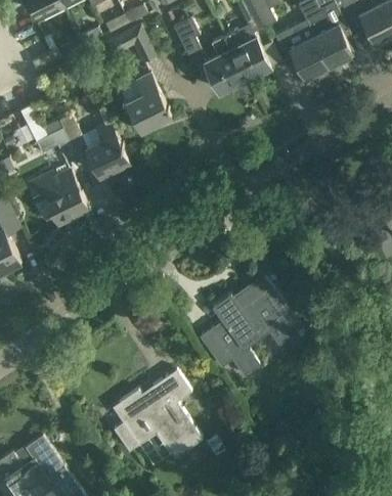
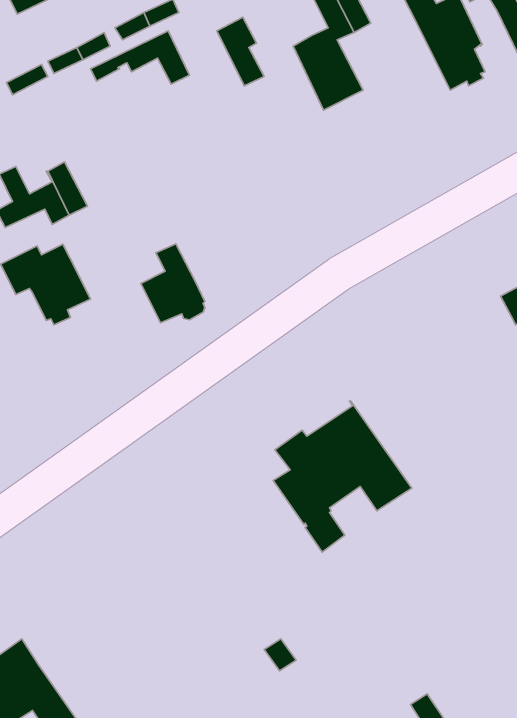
building: [273,20,329,79] -> none
building: [204,38,244,93] -> none
building: [126,76,170,132] -> none
building: [85,123,128,176] -> [141,244,205,323]
building: [112,371,201,457] -> none

